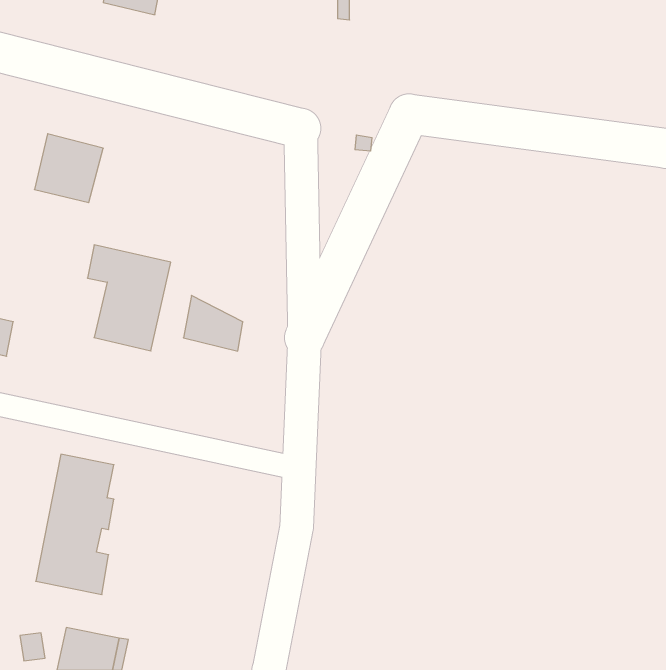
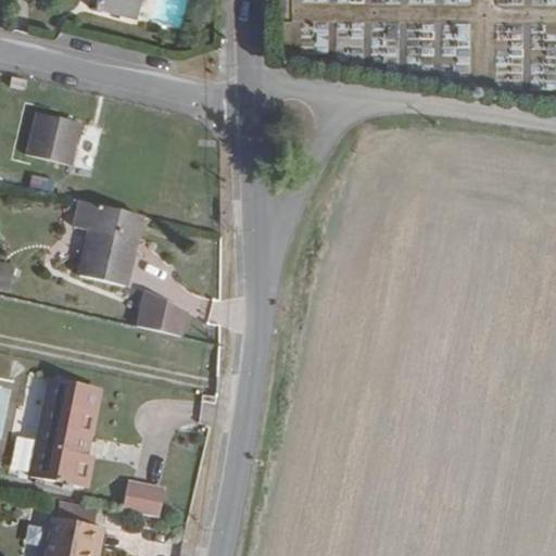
building: [183,295,243,351] -> [138,287,187,332]
building: none -> [124,484,167,519]

